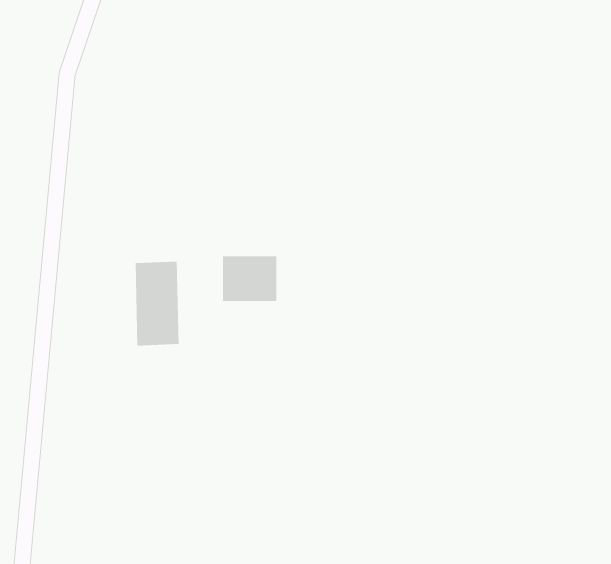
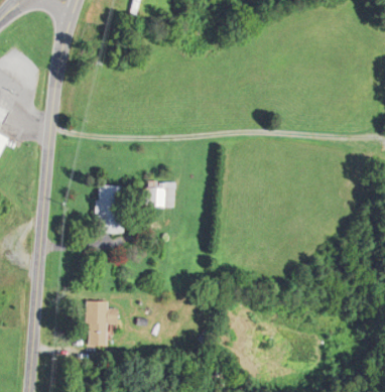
building: none -> [88,300,118,346]

